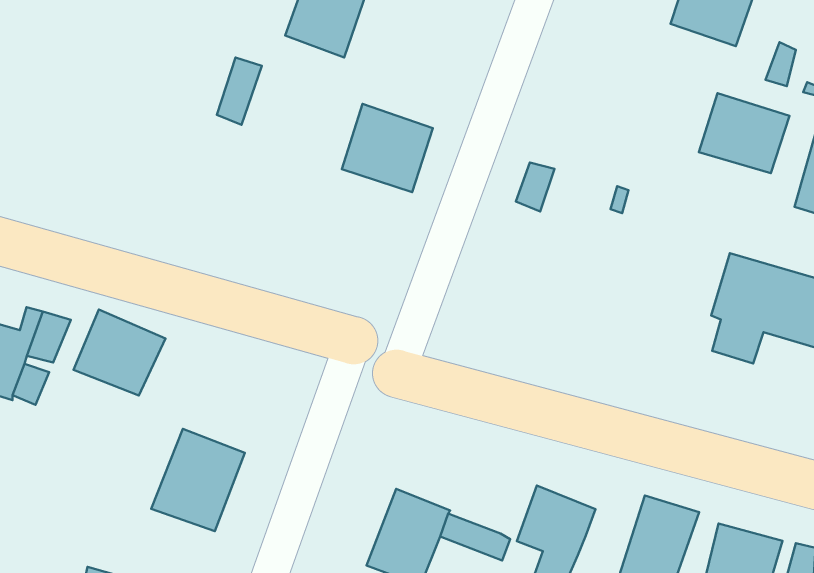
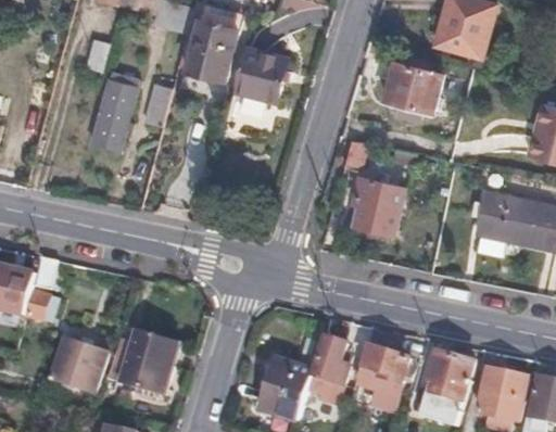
building: none -> [92,72,139,150]
building: [699,93,789,173] -> [384,63,442,113]
building: [342,104,433,192] -> [235,47,292,102]
building: none -> [353,175,404,233]
building: [73,309,166,396] -> [47,338,105,392]
building: none -> [315,336,352,382]

